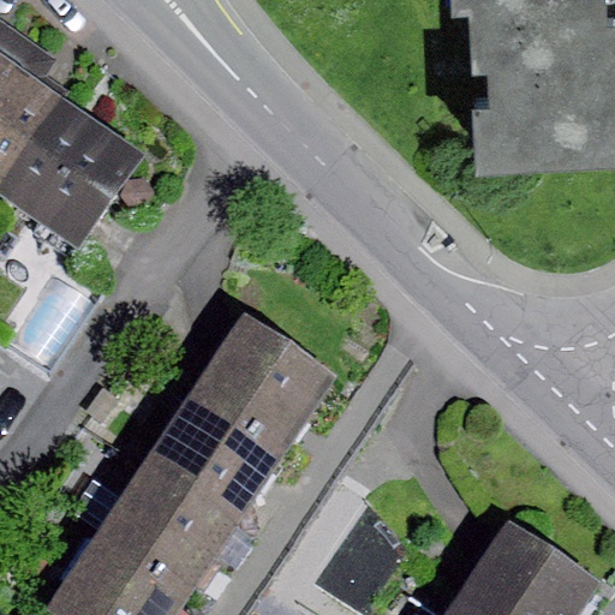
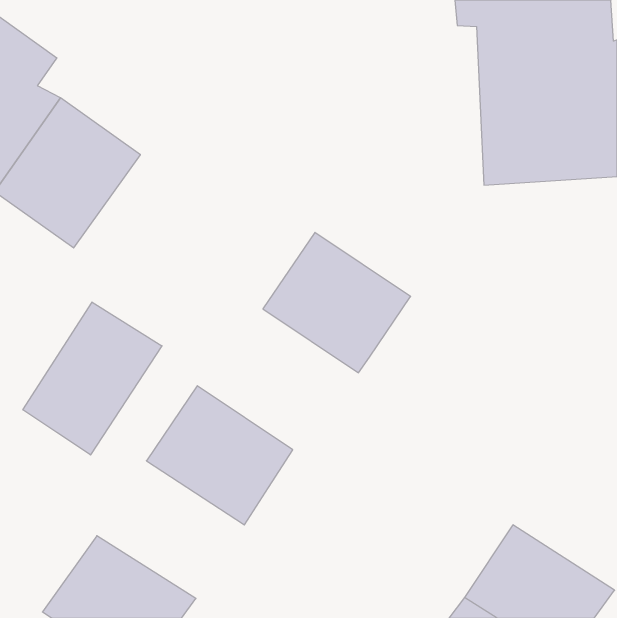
building: none -> [23,302,162,455]
building: [196,308,342,447] -> [263,232,411,373]
building: [96,458,243,595] -> none

